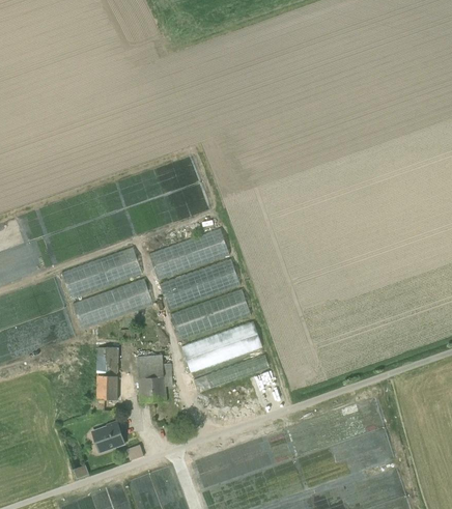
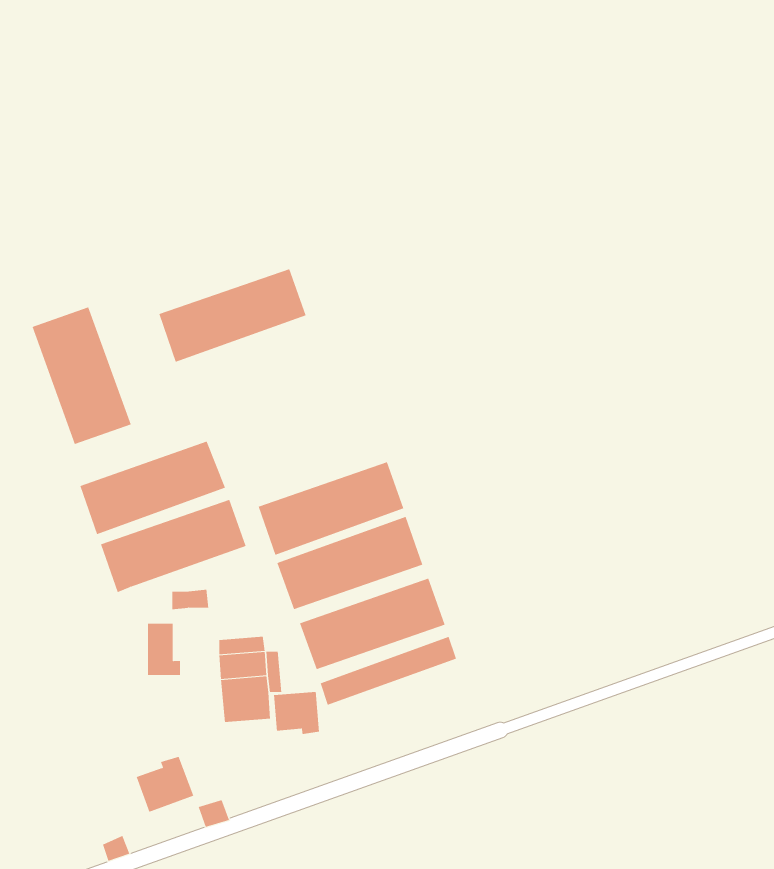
building: none -> [32,307,131,445]
building: [147,227,229,279] -> [158,269,307,362]
building: [97,375,116,398] -> none
building: none -> [273,691,319,735]

